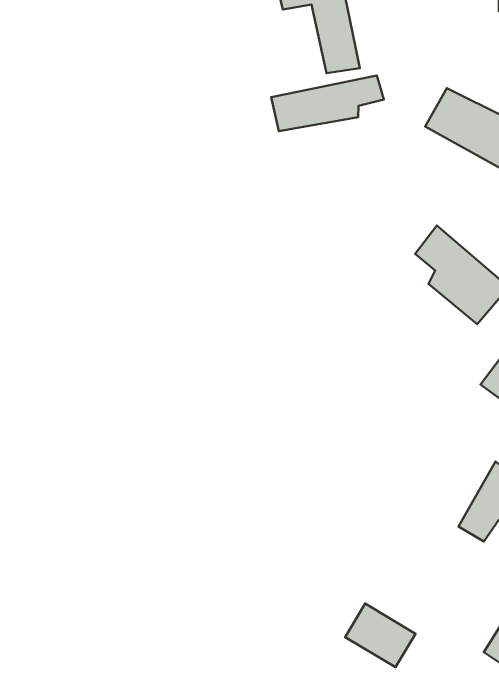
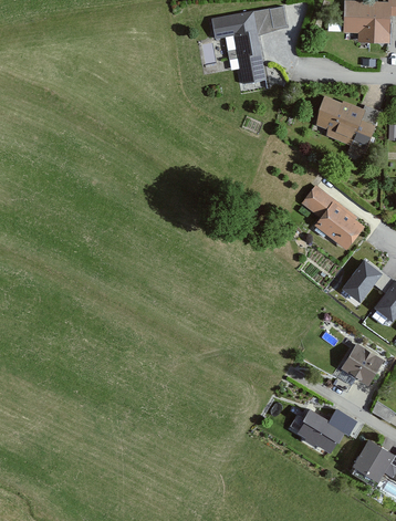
building: [271,75,384,131] -> none
building: [345,604,415,667] -> [298,409,344,451]

